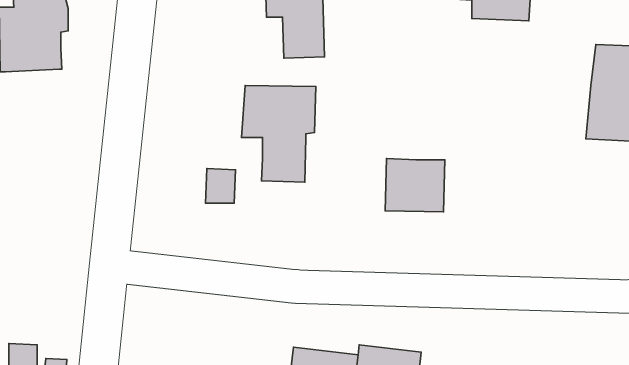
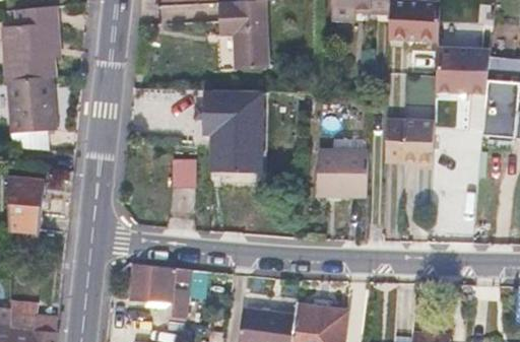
building: none -> [433,45,491,91]
building: none -> [6,78,53,133]
building: none -> [386,117,432,161]
building: none -> [9,180,46,230]
building: none -> [133,269,186,312]

